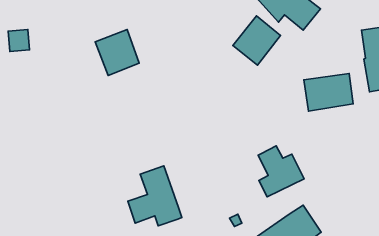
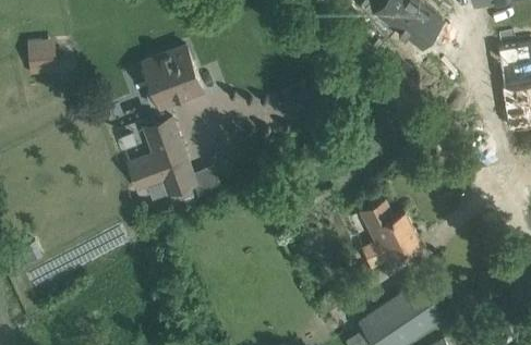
building: [233,16,281,65] -> none
building: [304,73,353,111] -> none
building: [128,166,182,226] -> [125,115,197,195]

